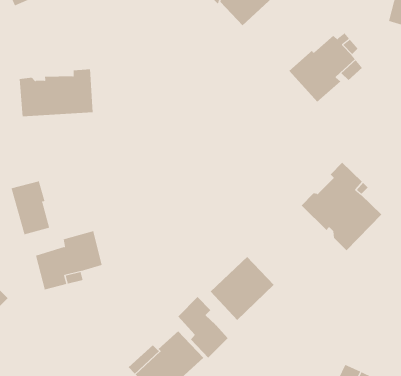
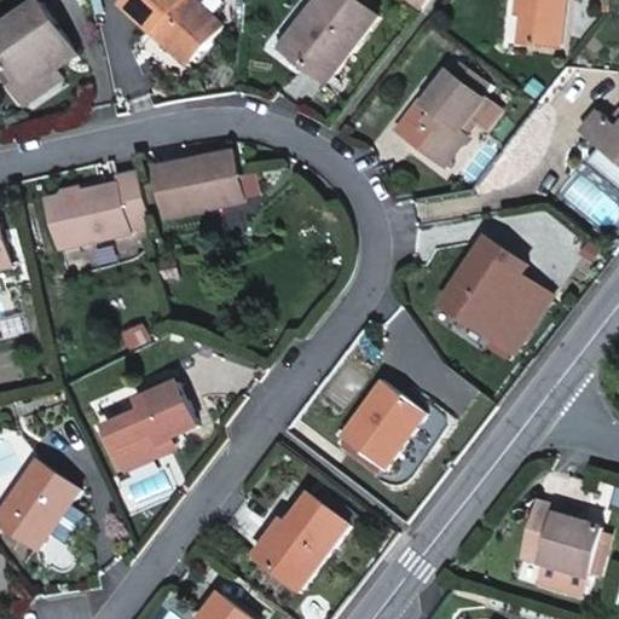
building: none -> [151,152,238,218]
building: [11,180,50,235] -> none
building: [177,296,228,358] -> none

